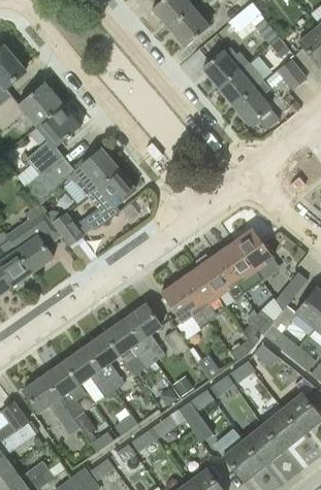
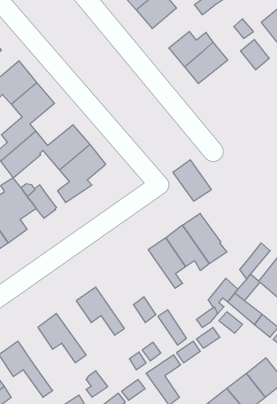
building: [232,79,279,128] -> none
building: [234,227,275,270] -> [173,160,211,201]
building: [161,279,207,326] -> none
building: [125,303,165,361] -> none
building: [84,332,125,389] -> none
building: [43,360,84,418] -> none

